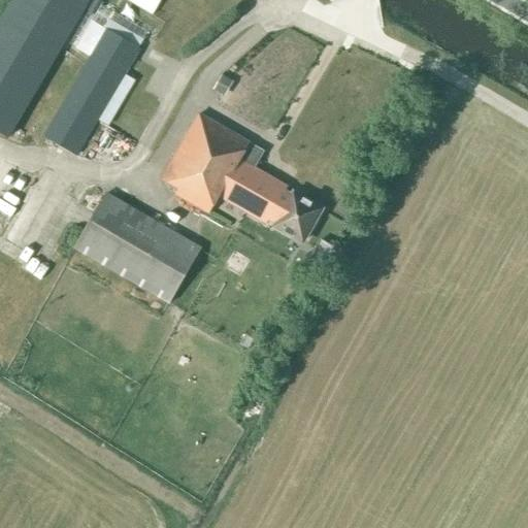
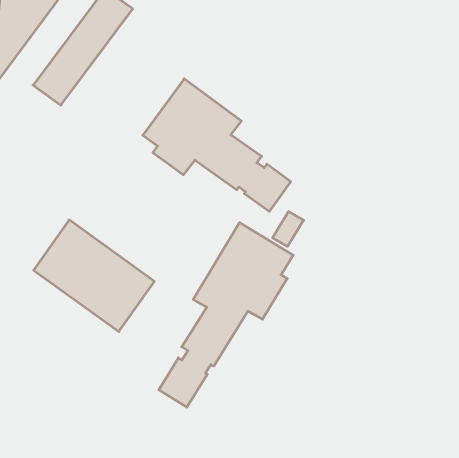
building: [74,192,200,301] -> [34,220,154,332]
building: none -> [159,223,293,407]

